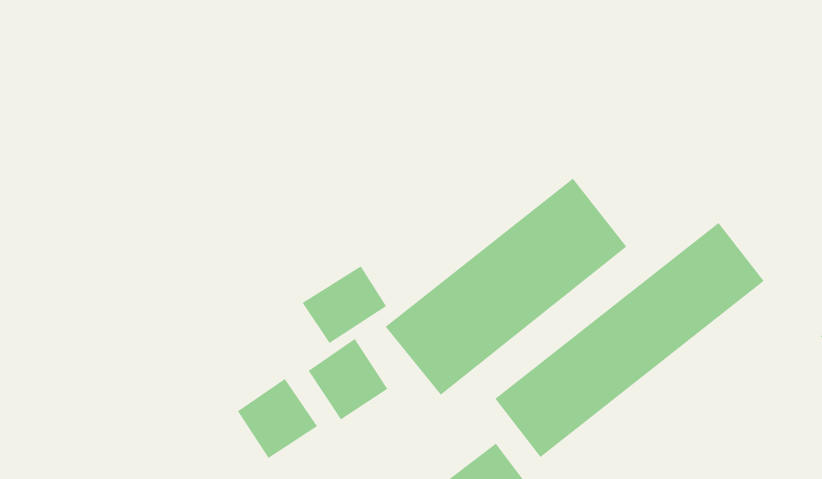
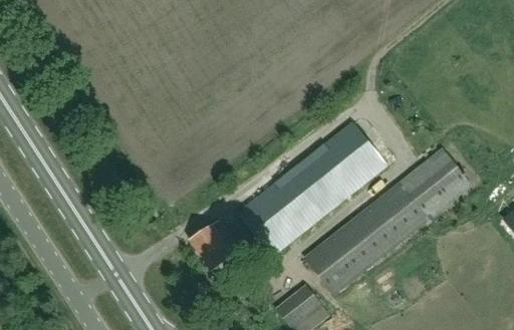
building: [302,265,387,344] -> none
building: [237,378,318,459] -> none

